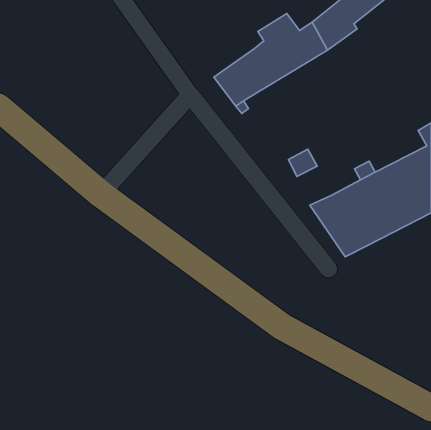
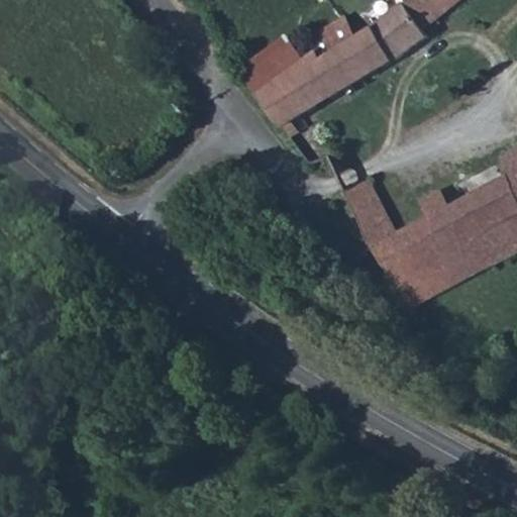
building: none -> [236,32,303,92]
building: none -> [353,198,395,244]

